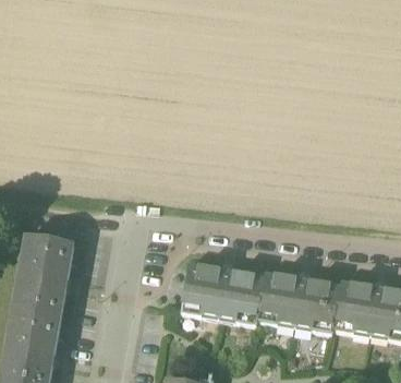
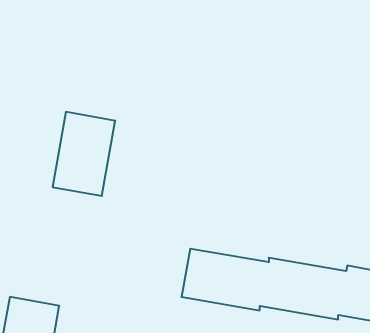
building: [13,237,74,319] -> [53,112,115,196]

